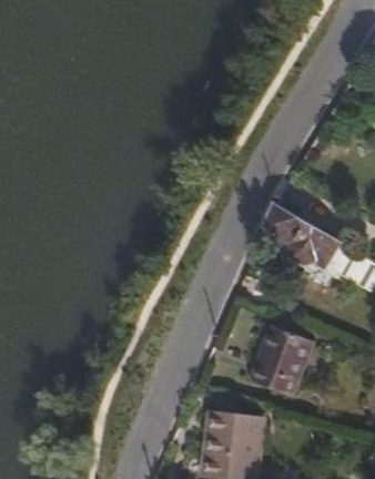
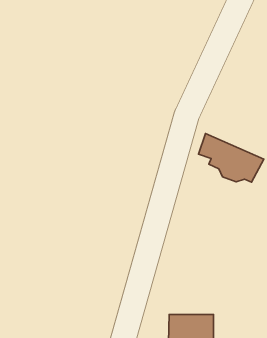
building: [252,325,312,395] -> none

